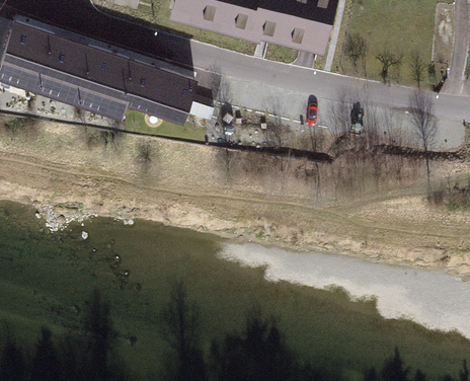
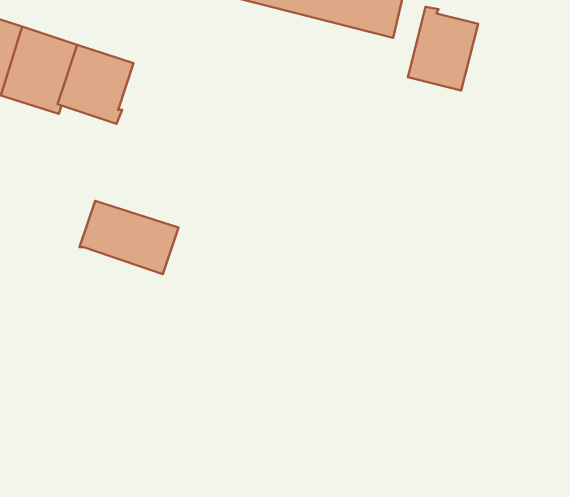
building: none -> [408,7,478,91]
building: [122,62,192,115] -> [80,201,178,274]

